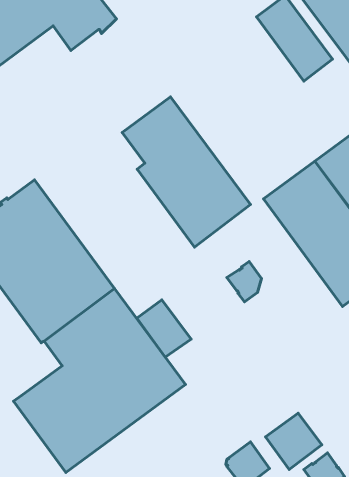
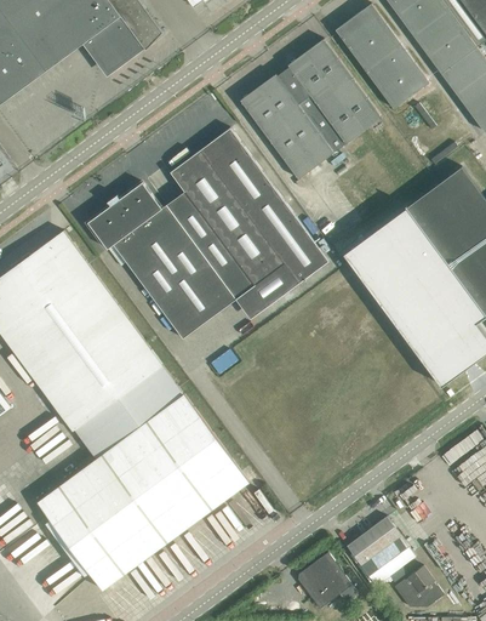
building: none -> [240,39,382,180]
building: none -> [87,182,259,338]
building: [227,261,262,302] -> none
building: [137,300,191,357] -> none

